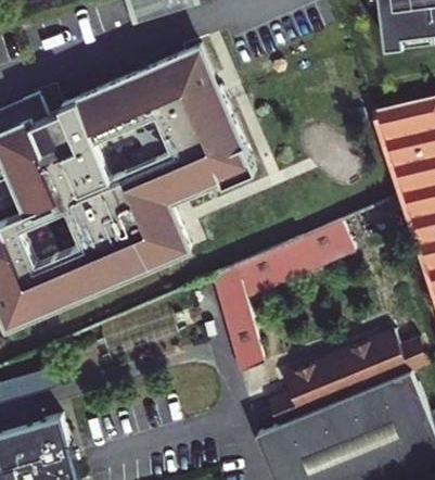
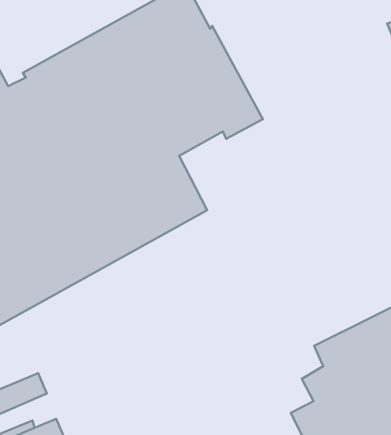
building: [219,220,363,368] -> none

